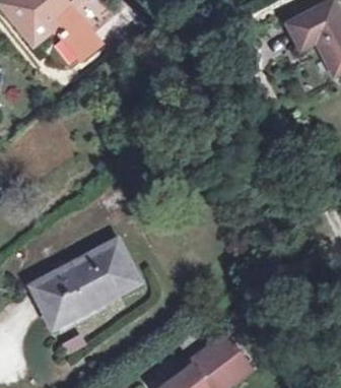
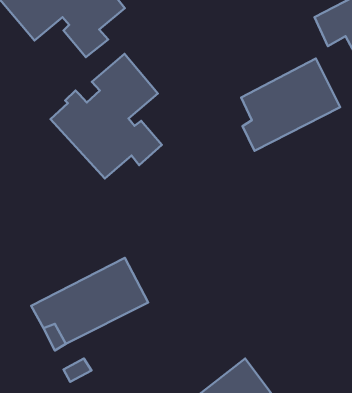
building: none -> [51,54,162,179]
building: none -> [241,59,340,151]

